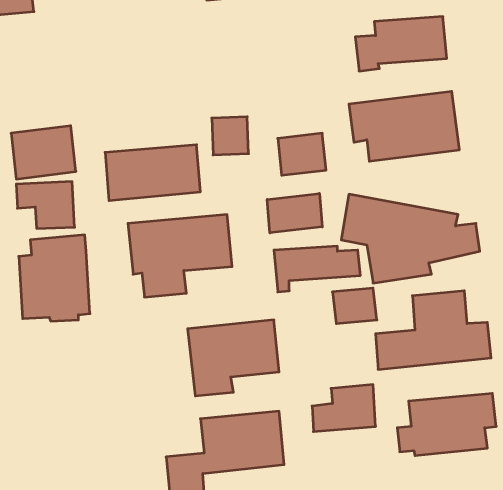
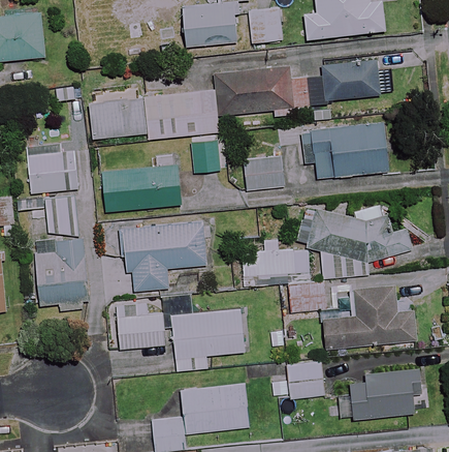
building: none -> [90,67,306,140]
building: [267,193,322,233] -> none
building: none -> [115,300,164,349]

